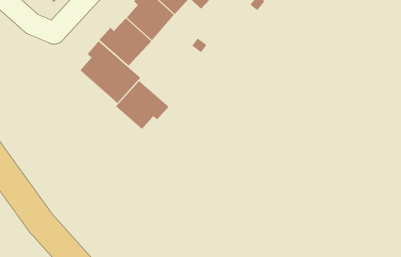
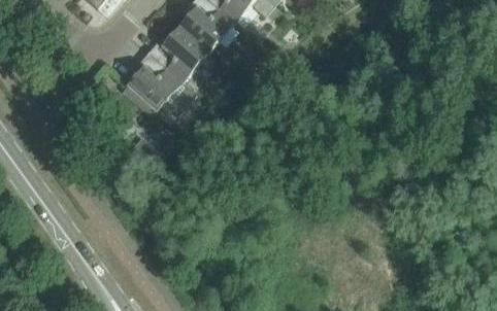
building: [115,80,170,130] -> none

